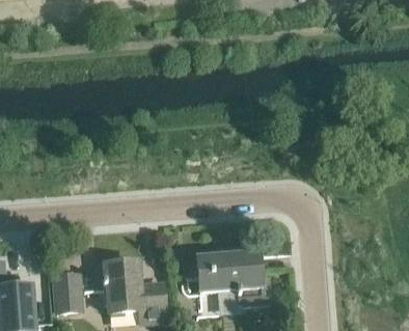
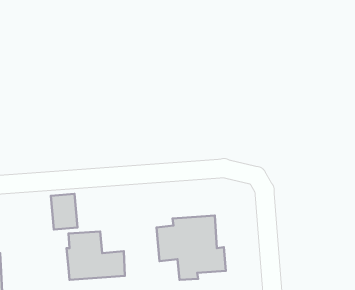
building: [53,273,81,310] -> [51,194,77,229]

